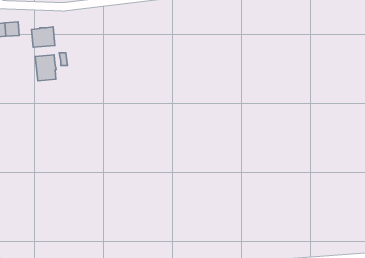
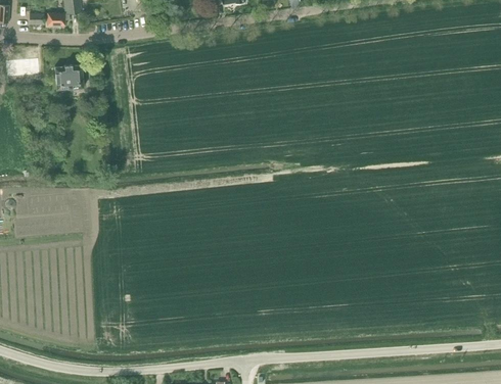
building: [35,55,56,81] -> none

